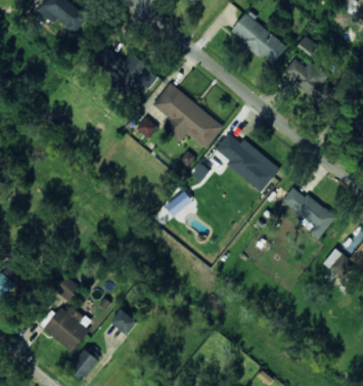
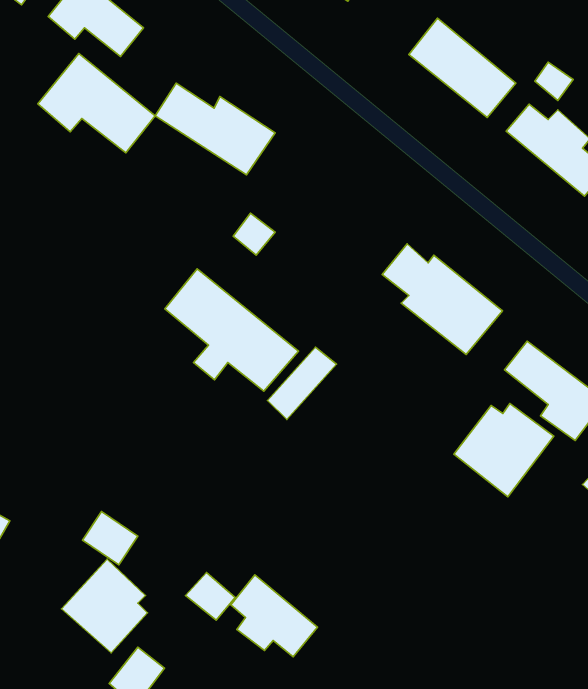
building: none -> [38,53,155,153]
building: [152,83,224,148] -> [165,269,298,391]
building: none -> [454,404,554,497]
building: none -> [231,575,317,657]

